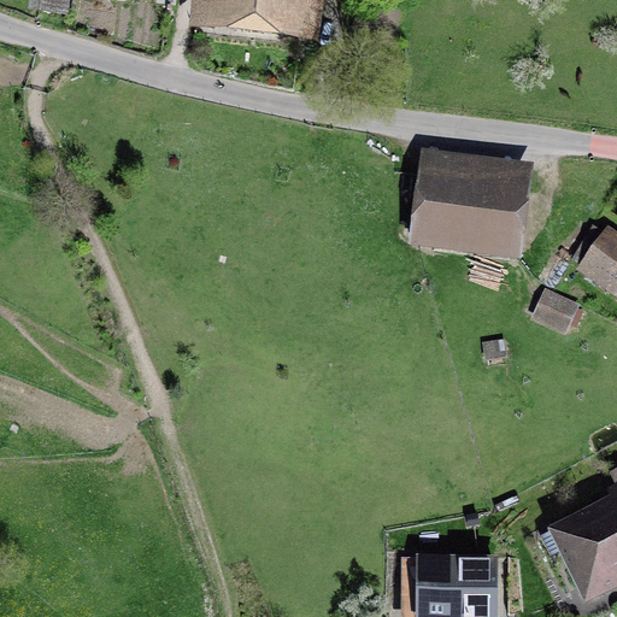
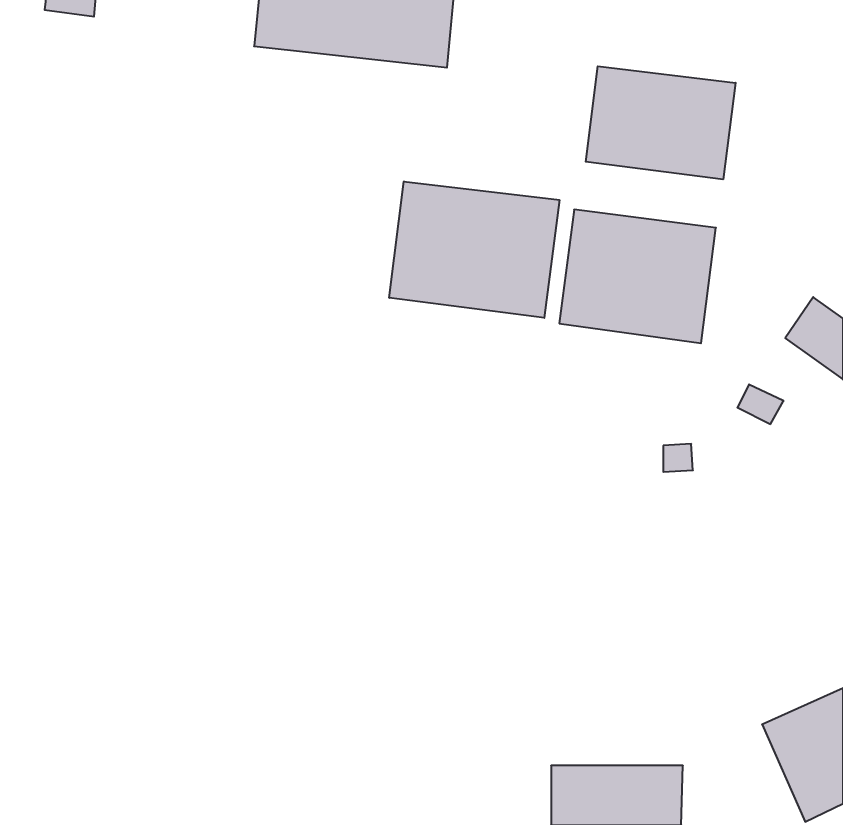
building: none -> [586,66,736,179]
building: none -> [389,181,559,318]

